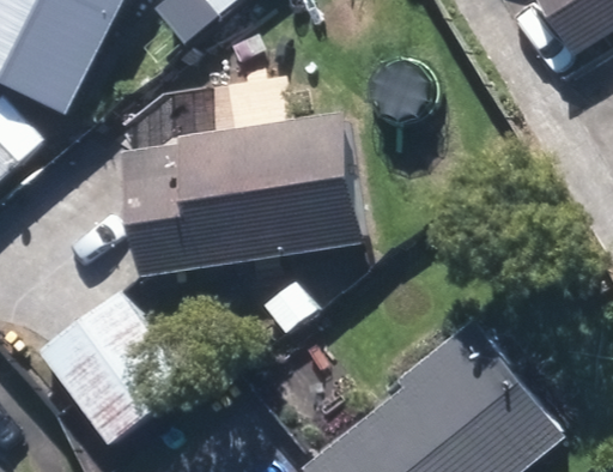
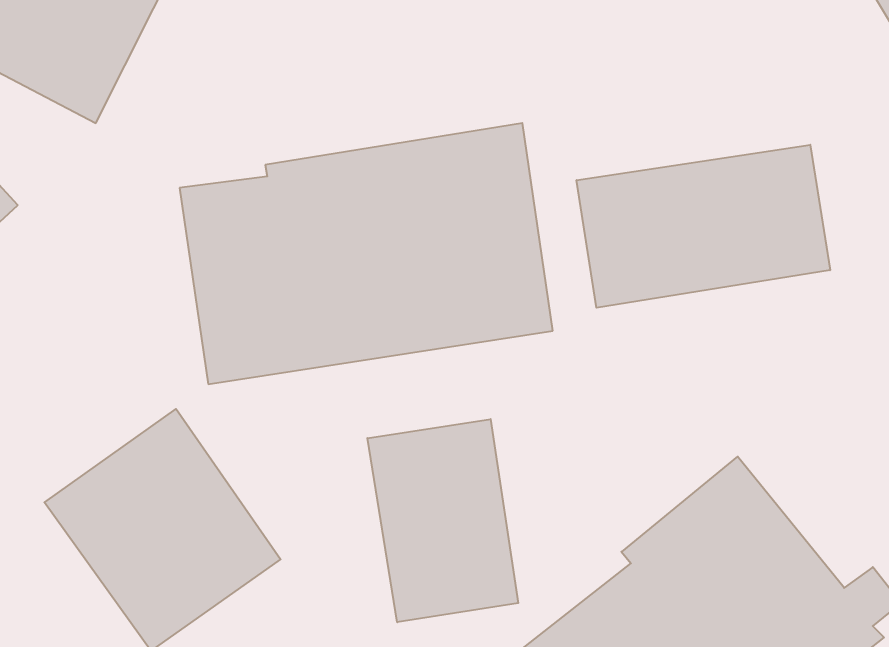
building: none -> [577,145,830,308]
building: none -> [367,419,518,622]

